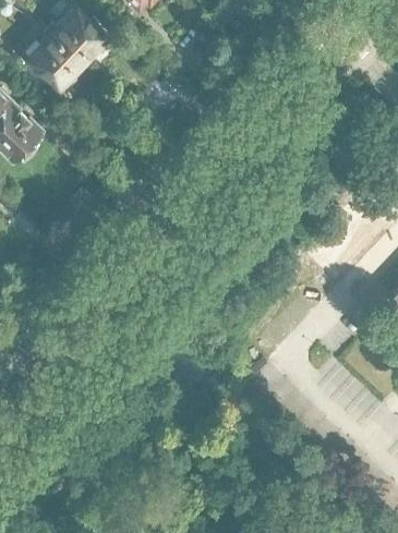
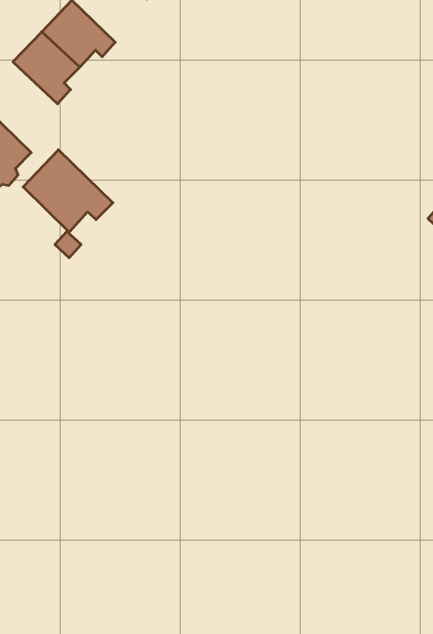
building: none -> [23,150,113,232]

